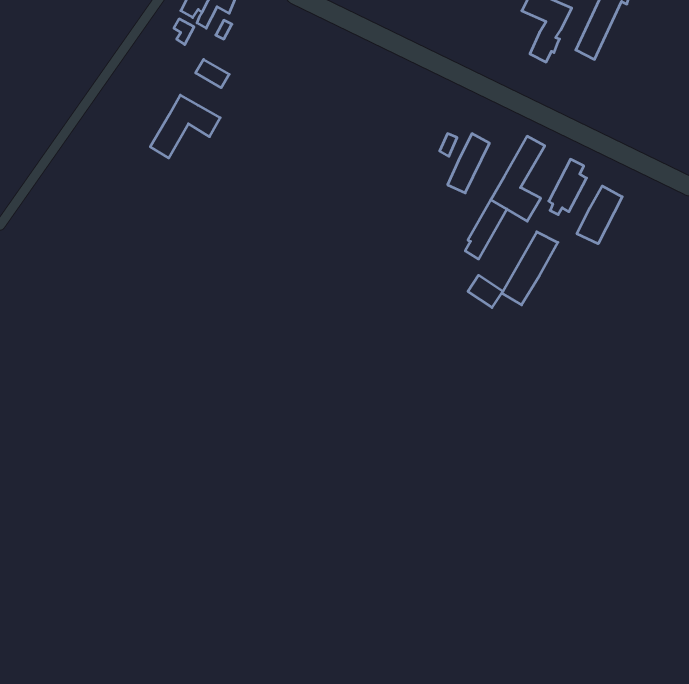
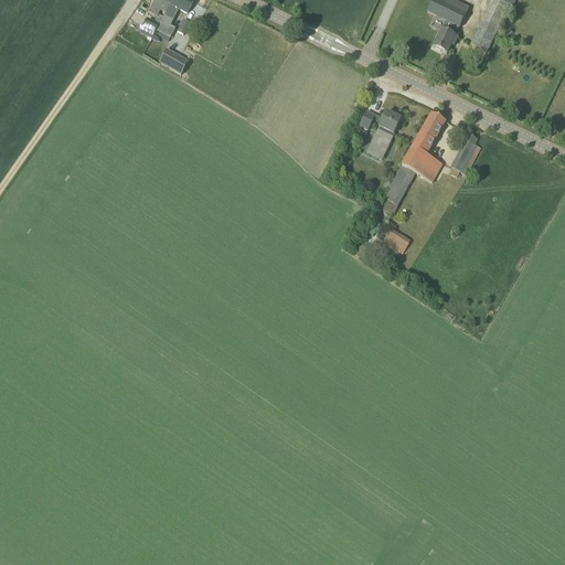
building: [150,95,220,158] -> none
building: [577,186,622,244] -> none
building: [502,232,558,305] -> none

